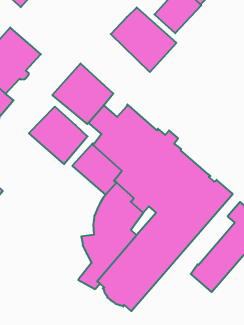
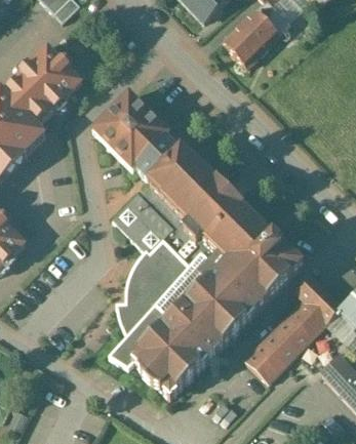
building: [111,7,176,72] -> none
building: [29,107,88,164] -> none

